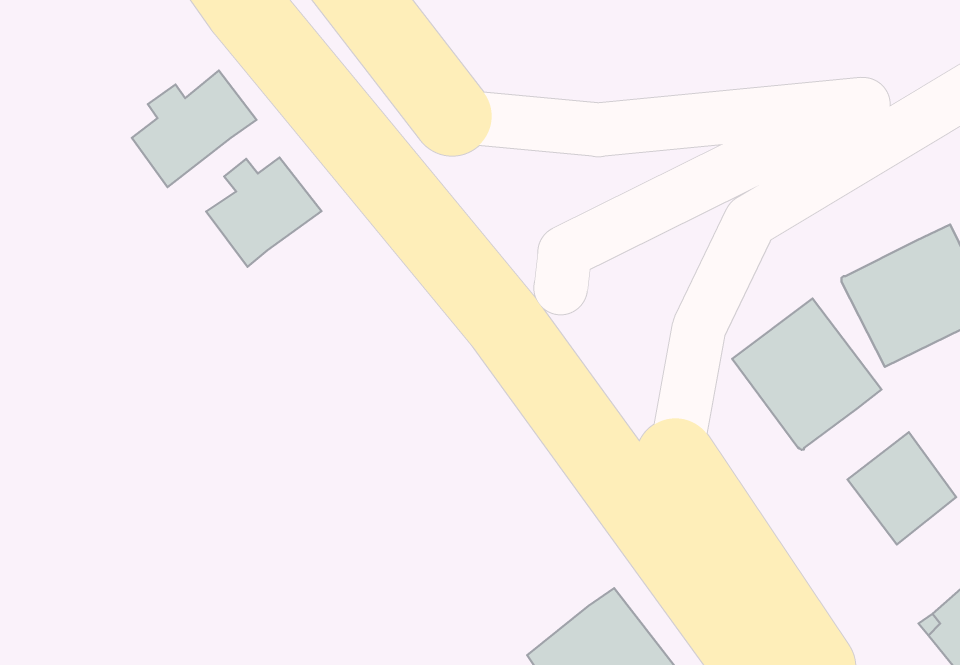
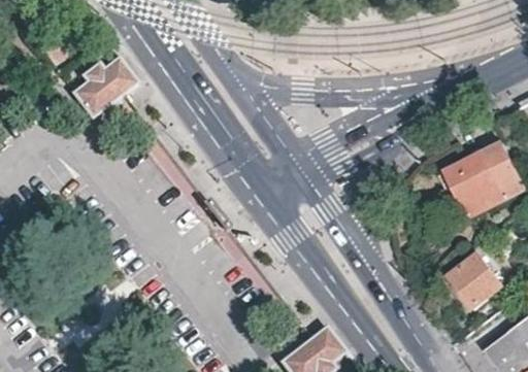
building: [206,158,321,267] -> none
building: [732,298,881,450] -> none

